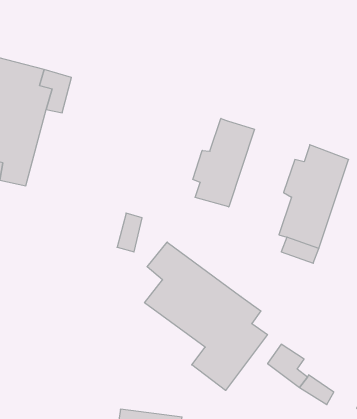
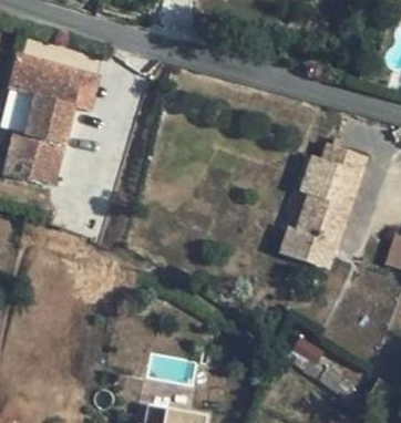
building: [193,118,255,207] -> none
building: [145,242,267,390] -> none

